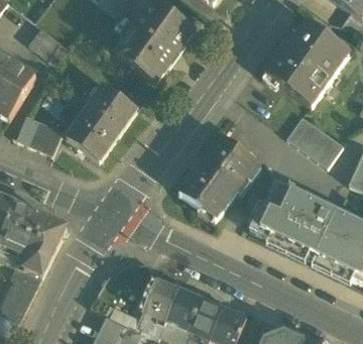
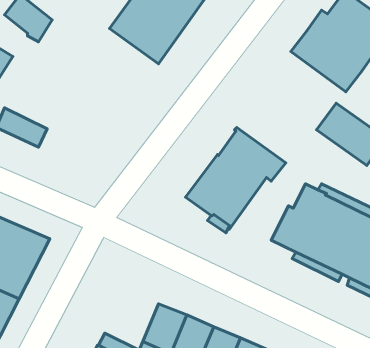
building: [66,85,136,160] -> none

